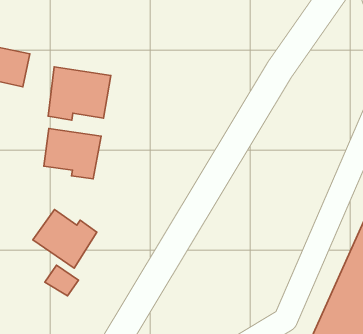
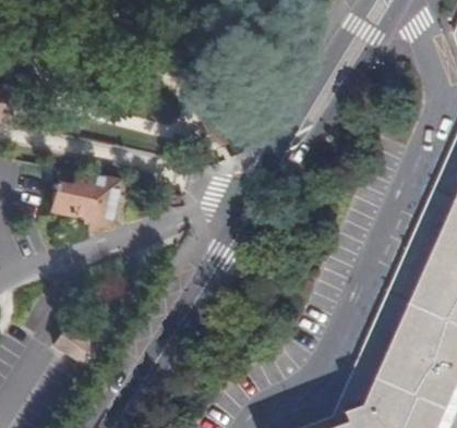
building: [48,67,111,120] -> none
building: [33,209,97,268] -> none

